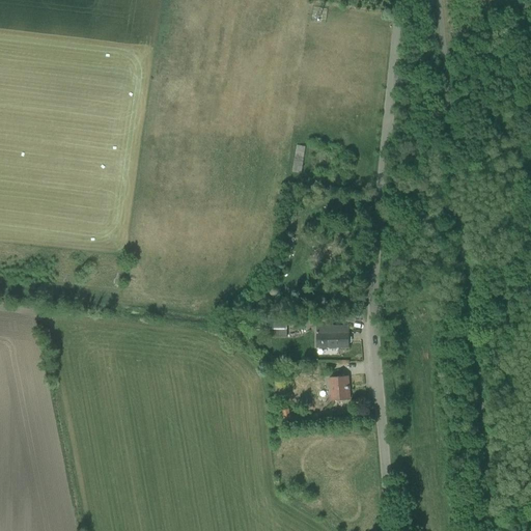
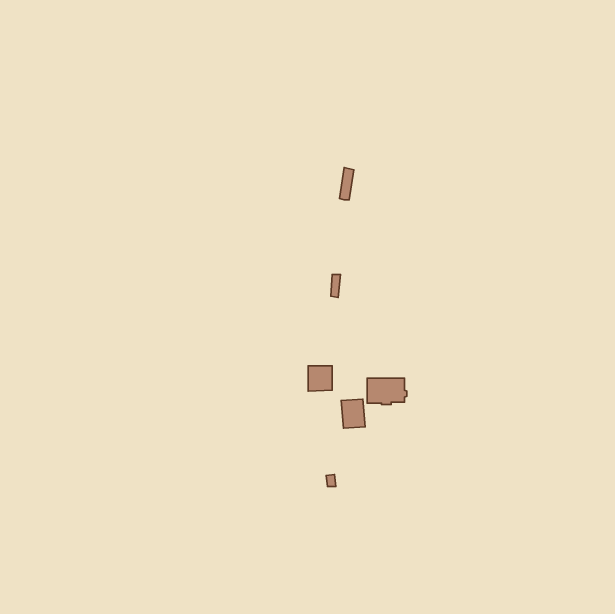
building: [329,375,350,400] -> [341,399,365,428]

